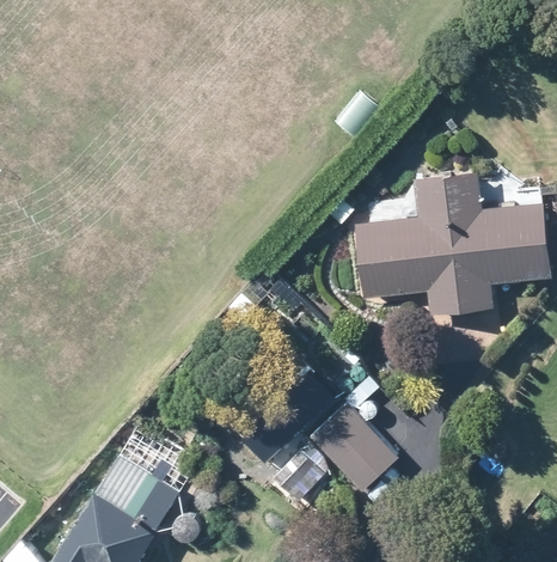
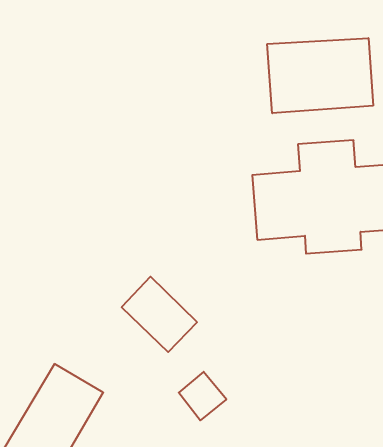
building: none -> [267,38,373,113]
building: [310,401,400,491] -> [122,277,197,352]

